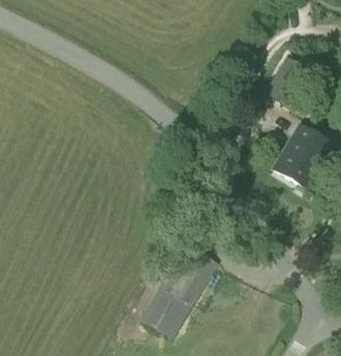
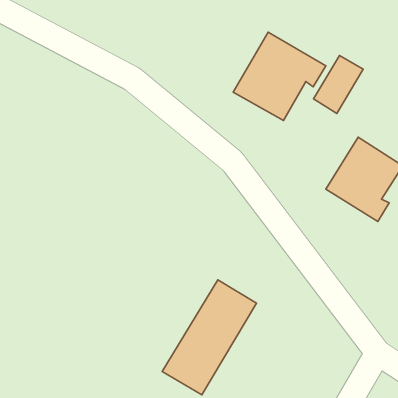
building: none -> [233,32,326,120]

